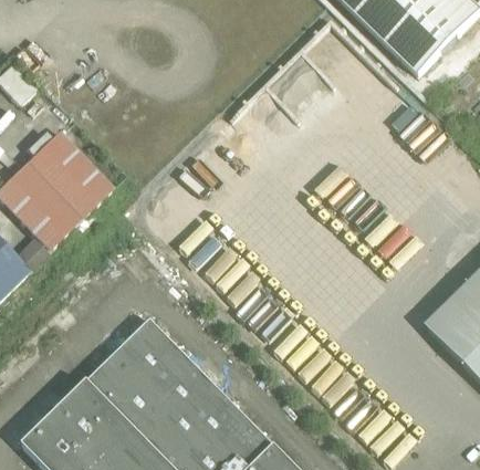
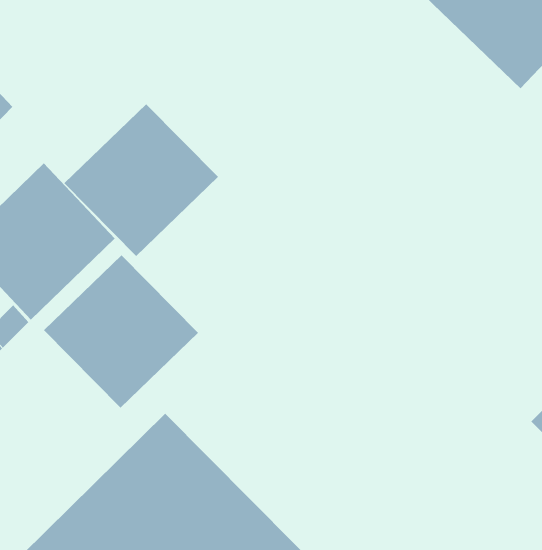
building: none -> [64,103,219,257]
building: none -> [43,255,199,408]

